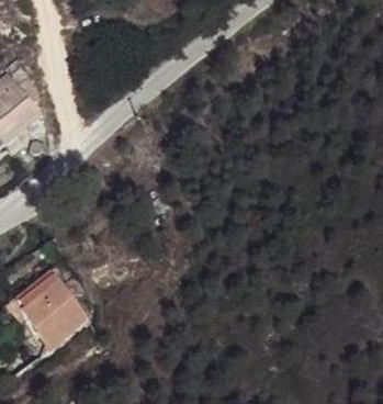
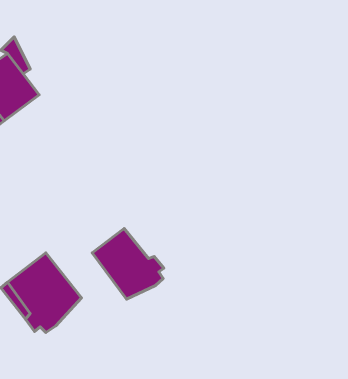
building: none -> [92,229,164,299]

